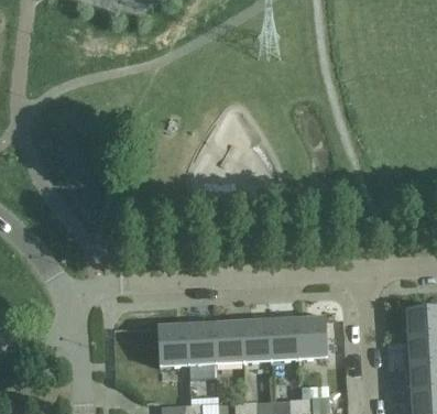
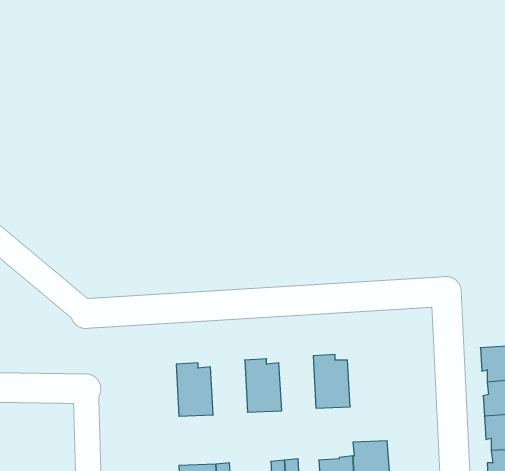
building: [296,315,327,358] -> none
building: [241,317,271,361] -> none
building: [186,320,216,364] -> none

